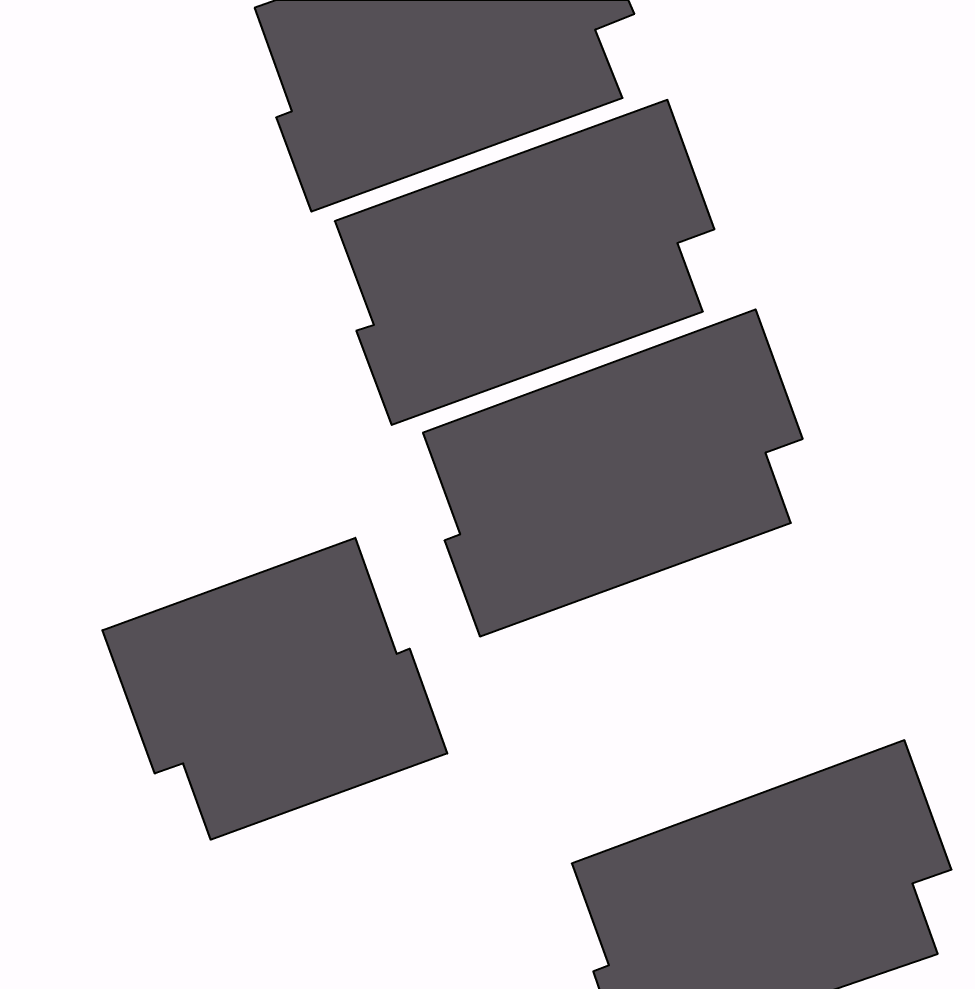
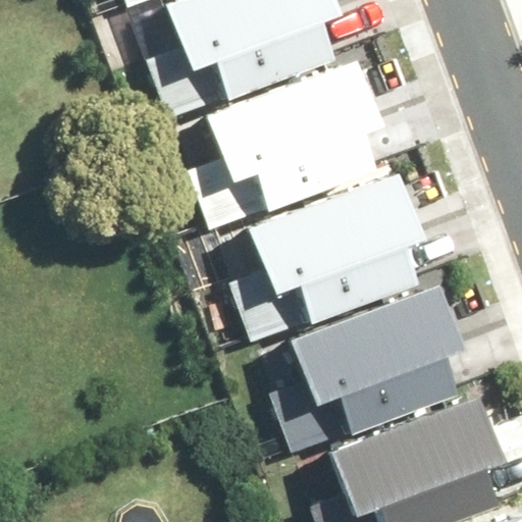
building: none -> [271,282,470,452]
building: [102,538,447,840] -> none

